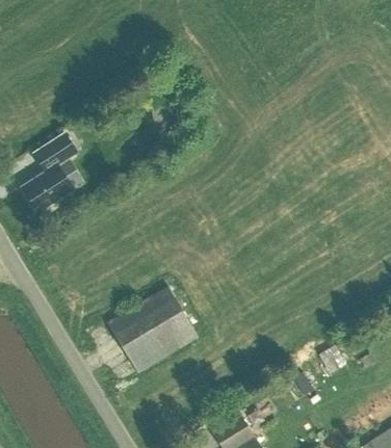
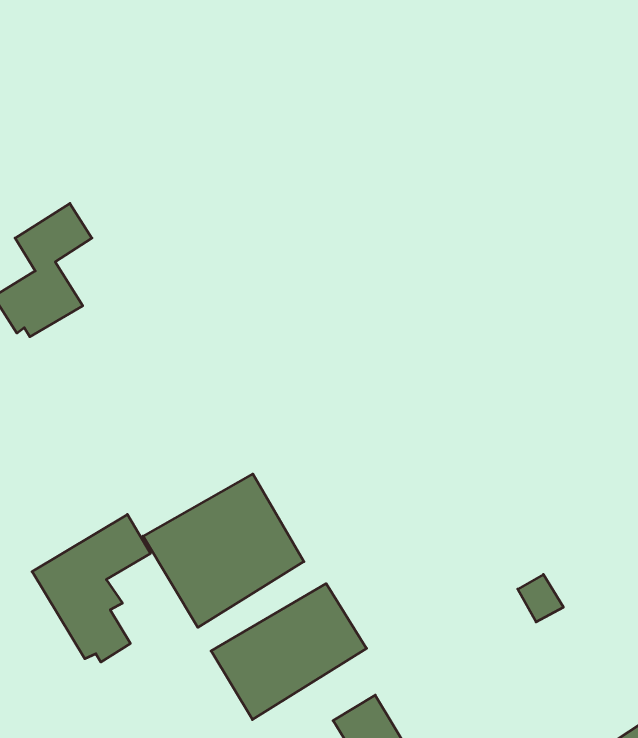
building: none -> [32,514,150,662]
building: none -> [211,584,367,720]

